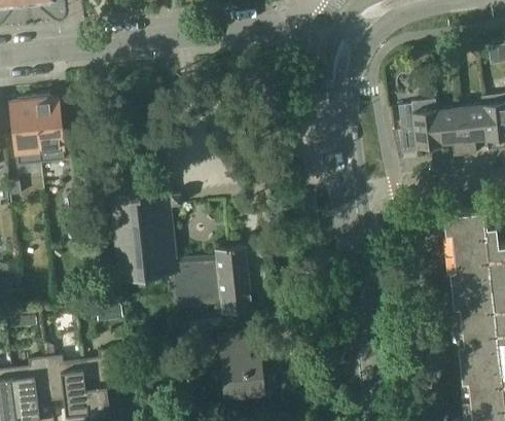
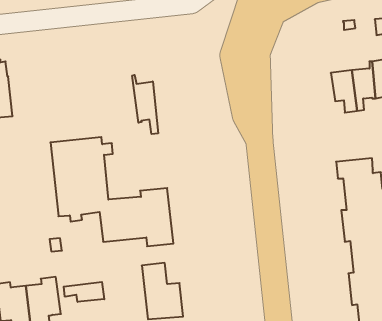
building: [399,99,442,148] -> none
building: none -> [132,75,158,134]
building: none -> [64,282,104,302]

